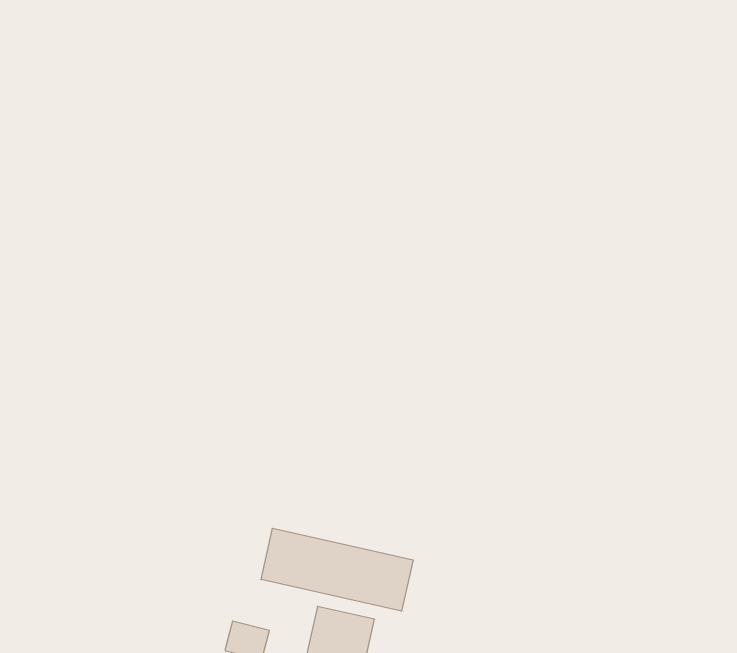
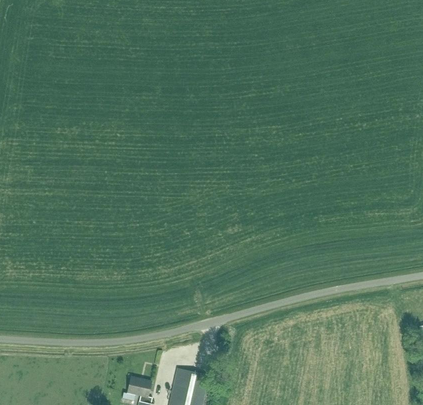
building: [261,528,413,611] -> none

